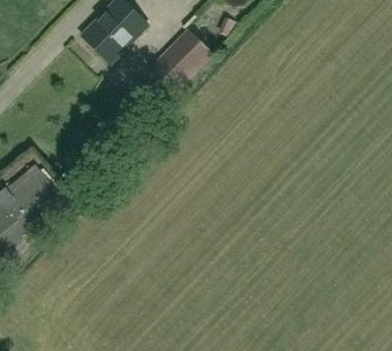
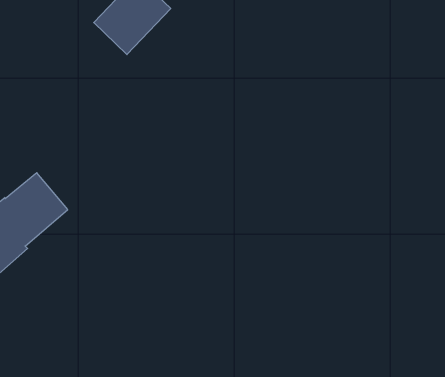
building: [152,30,214,93] -> none

